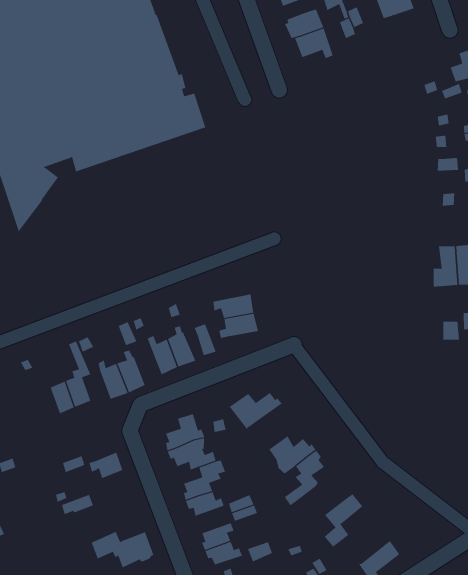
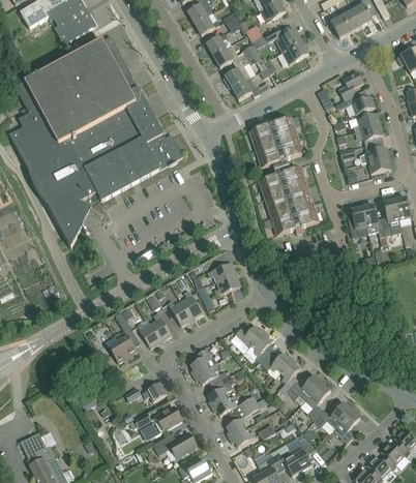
building: none -> [249,116,304,167]
building: none -> [259,165,320,234]
building: none -> [245,330,272,362]
building: none -> [288,373,322,403]
building: none -> [141,404,182,440]
building: none -> [315,401,352,427]

